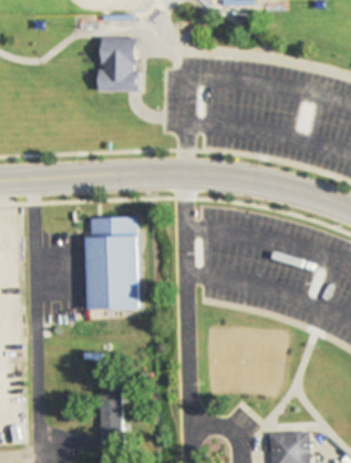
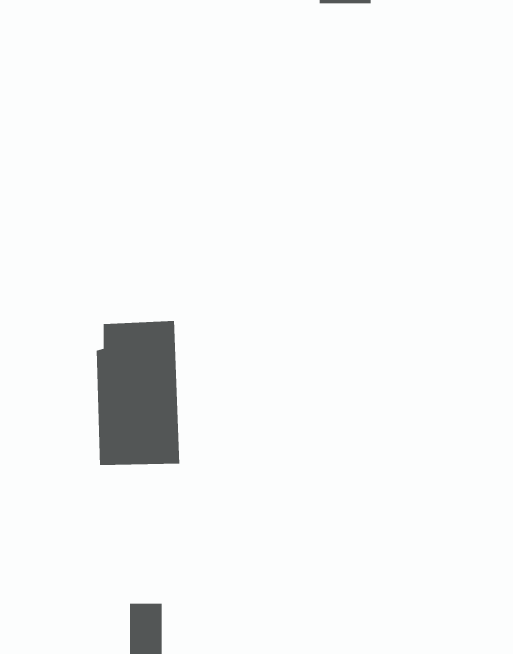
building: [100,38,138,92] -> none

